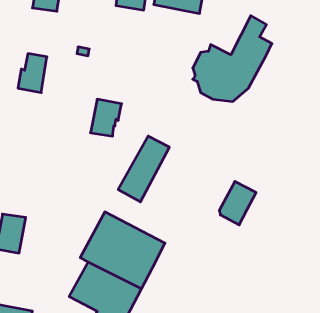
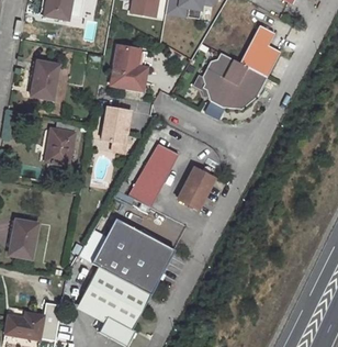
building: none -> [105,45,146,93]
building: none -> [45,121,75,166]
building: [219,181,256,225] -> [179,166,215,209]

